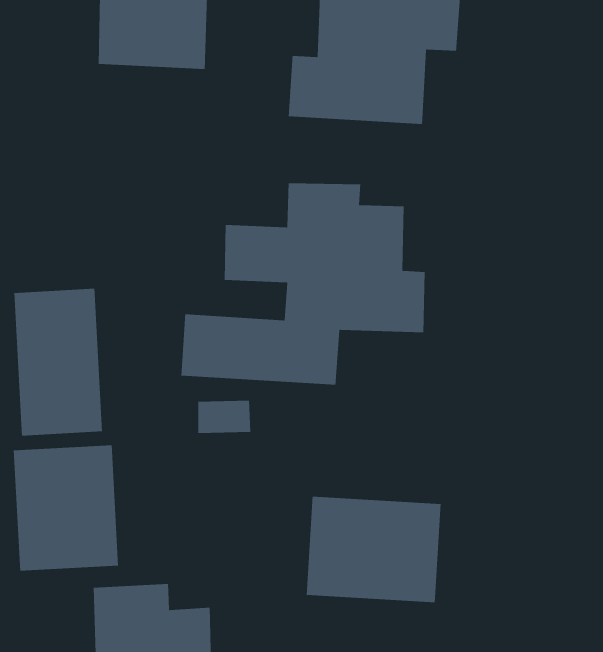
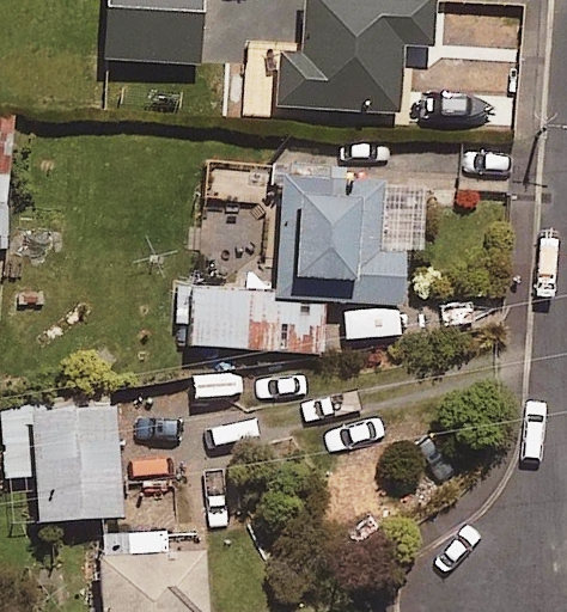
building: [13,288,103,436] -> none
building: [306,496,441,603] -> none

